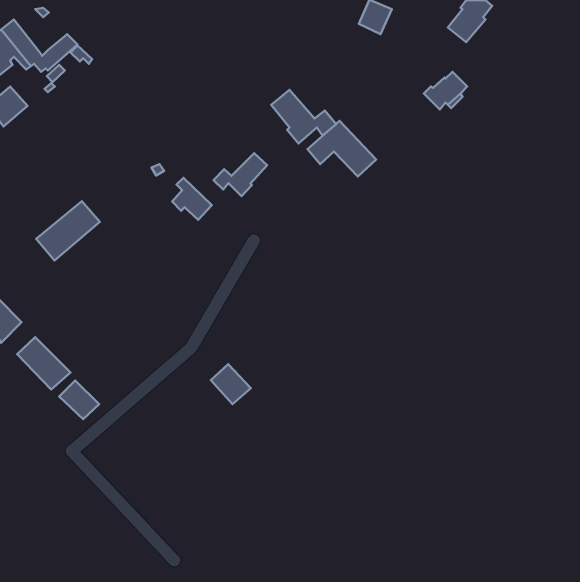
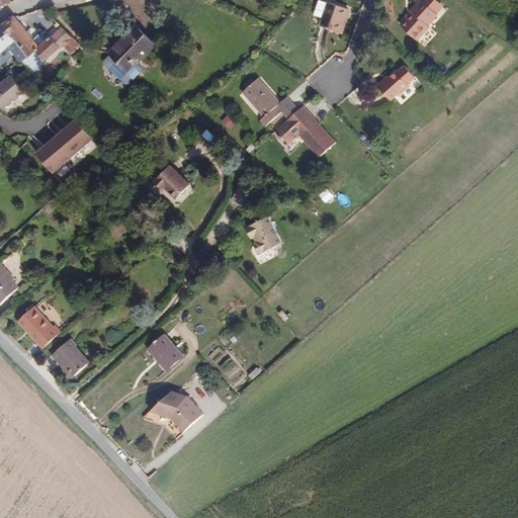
building: none -> [108,29,155,76]
building: [214,153,267,196] -> none
building: [36,201,100,260] -> [33,117,90,170]
building: none -> [245,215,281,254]
building: [211,364,251,404] -> [147,336,182,371]
building: none -> [155,393,201,430]

